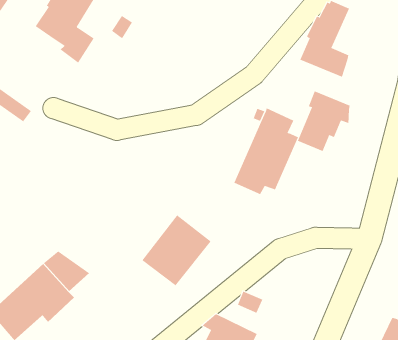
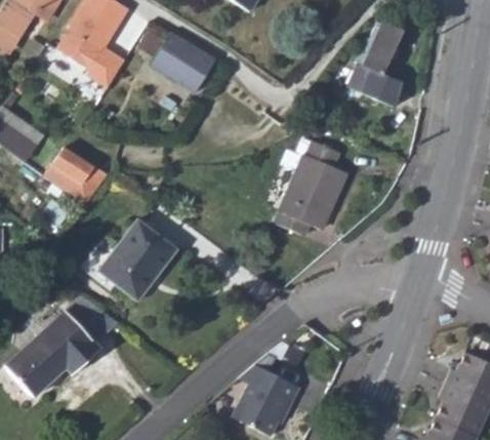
building: none -> [156,35,212,87]
building: [297,91,350,152] -> none
building: none -> [50,148,112,207]
building: [141,214,211,286] -> [99,221,176,299]

